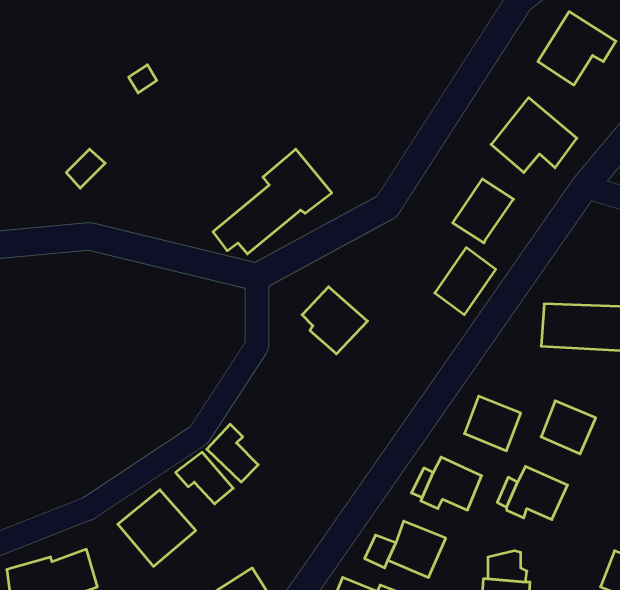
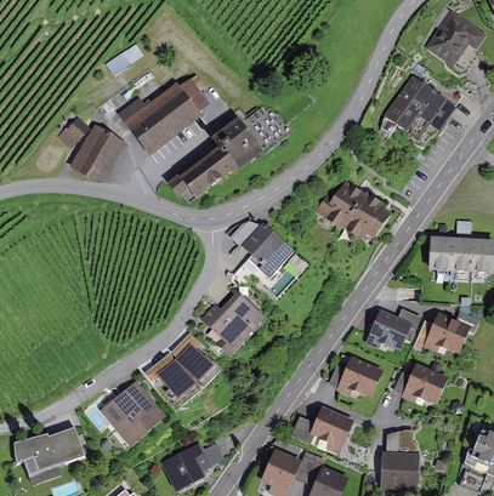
building: none -> [121,79,210,154]
building: none -> [72,127,123,181]
building: [453,179,514,243] -> [319,182,367,232]
building: none -> [203,292,266,350]

